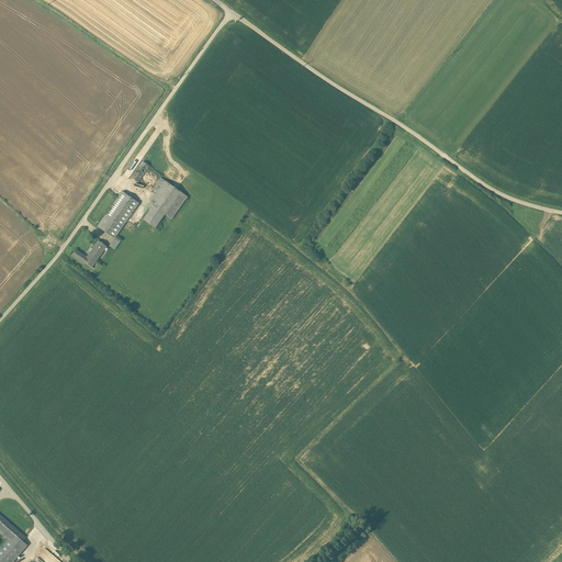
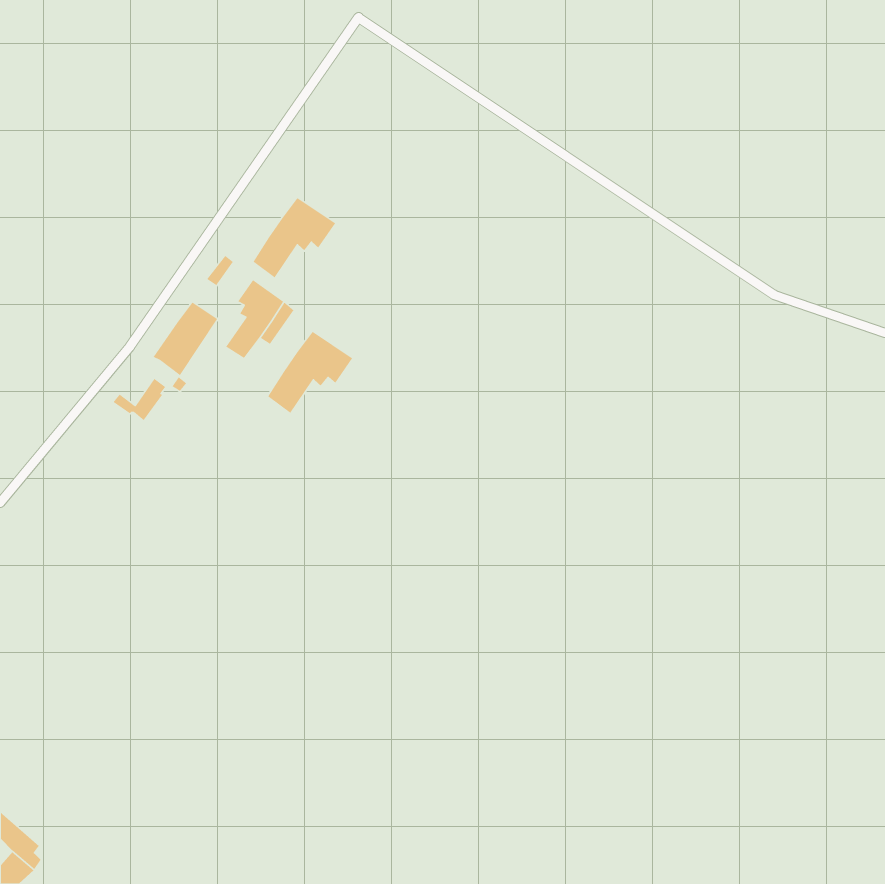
building: none -> [253,197,336,278]
building: none -> [267,331,353,414]

